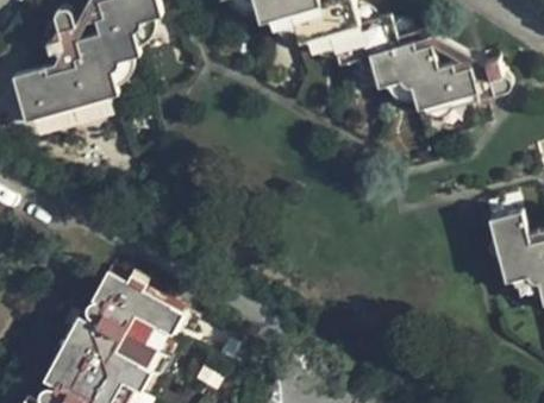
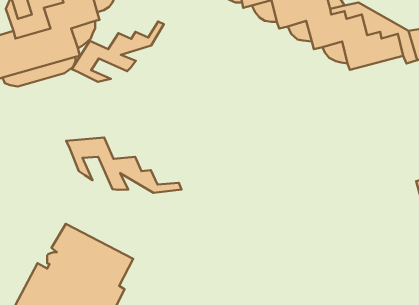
building: none -> [72,21,164,82]
building: none -> [66,137,182,193]

